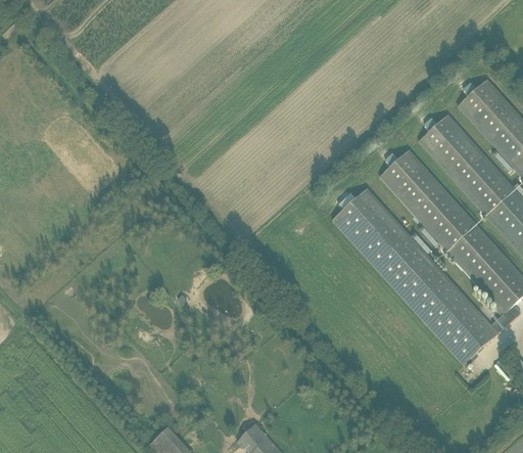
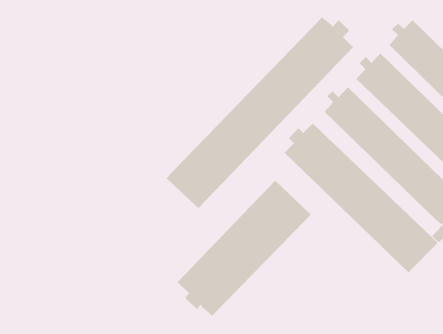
building: none -> [166,16,354,209]
building: none -> [177,180,312,317]

